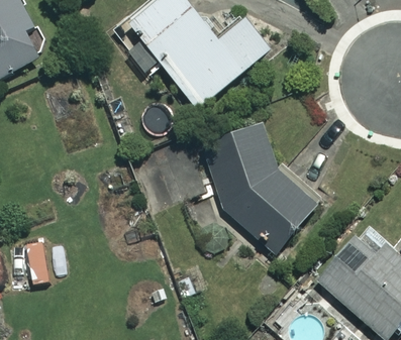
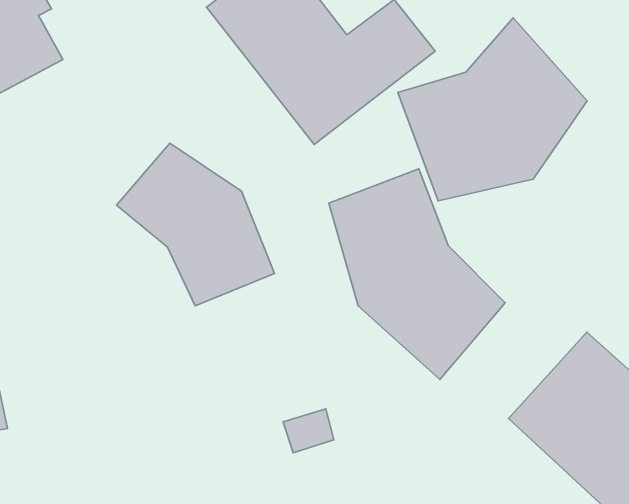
building: none -> [398,18,587,201]
building: none -> [116,143,274,306]

